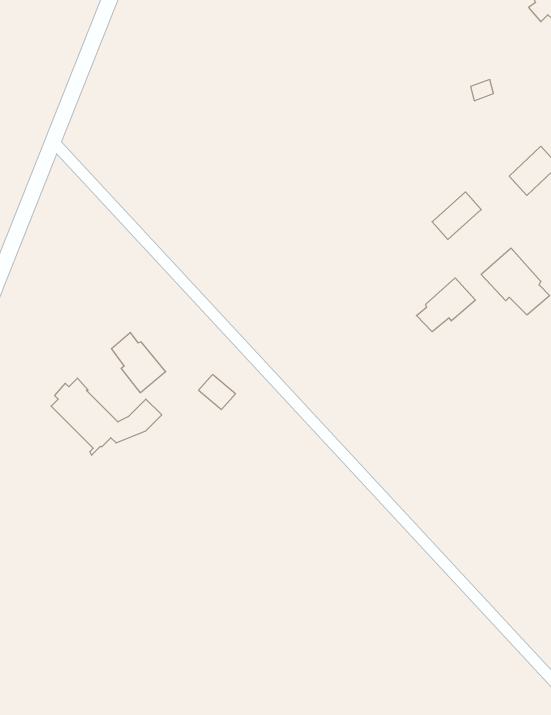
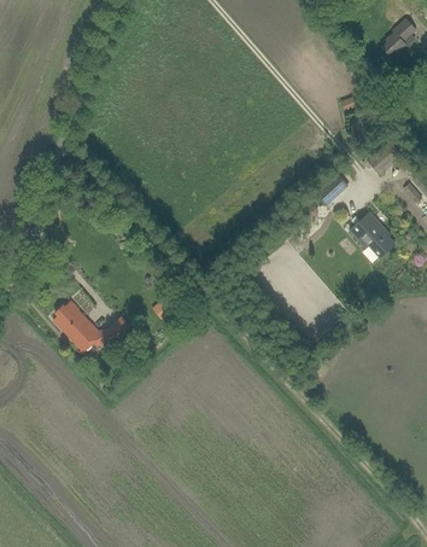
building: [416,278,475,332] -> none
building: [112,332,166,393] -> none

